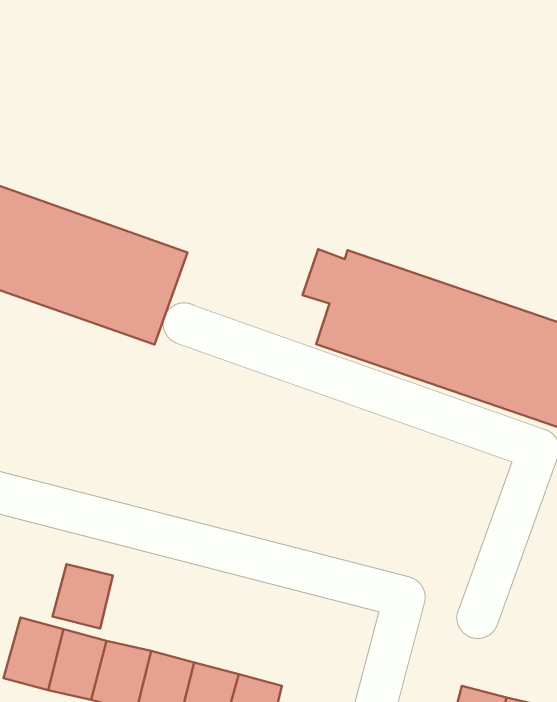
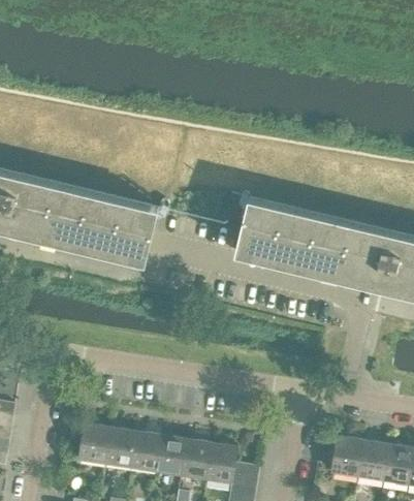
building: [53,564,113,628] -> none

